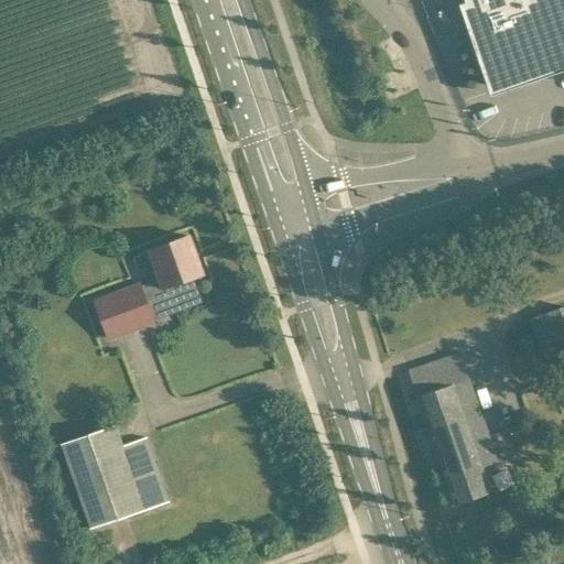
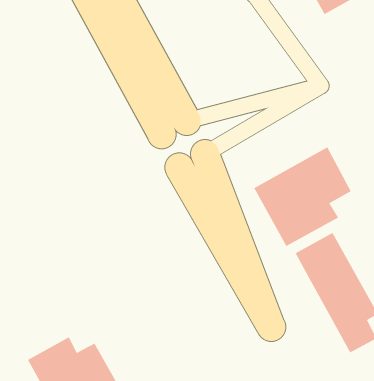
building: [95,236,203,338] -> none
building: none -> [253,147,352,247]

